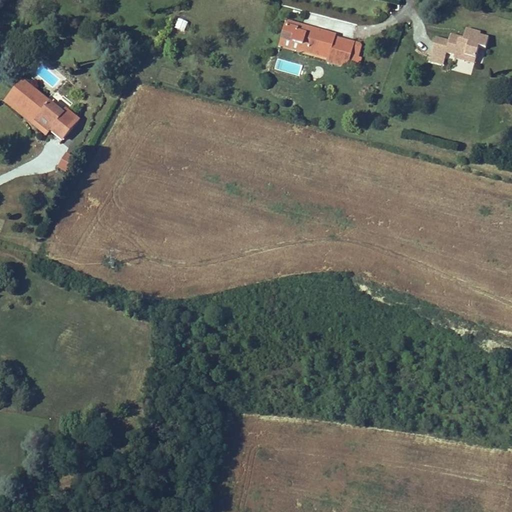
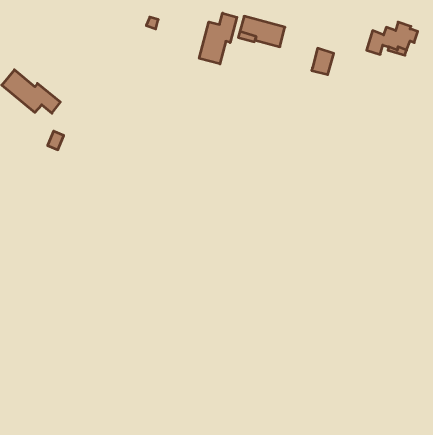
building: none -> [199,13,237,64]
building: [328,32,354,63] -> [312,48,334,75]

